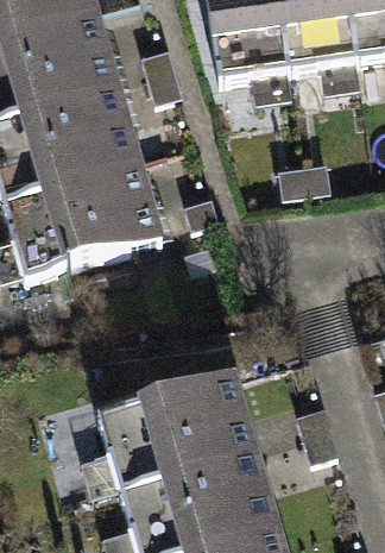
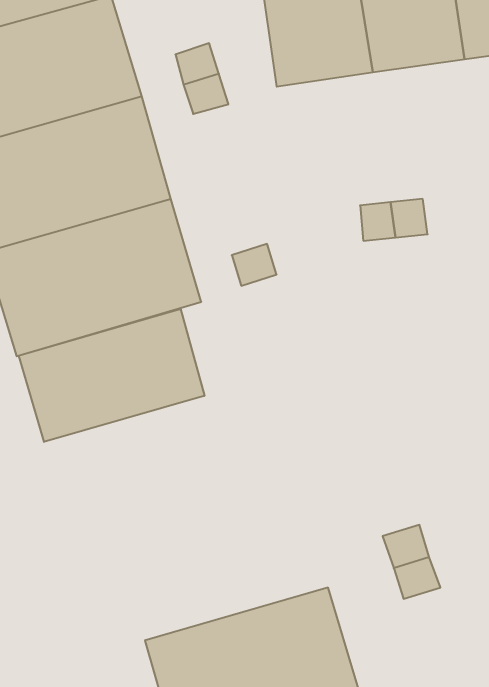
building: none -> [19,309,204,442]
building: [100,375,258,491] -> none

